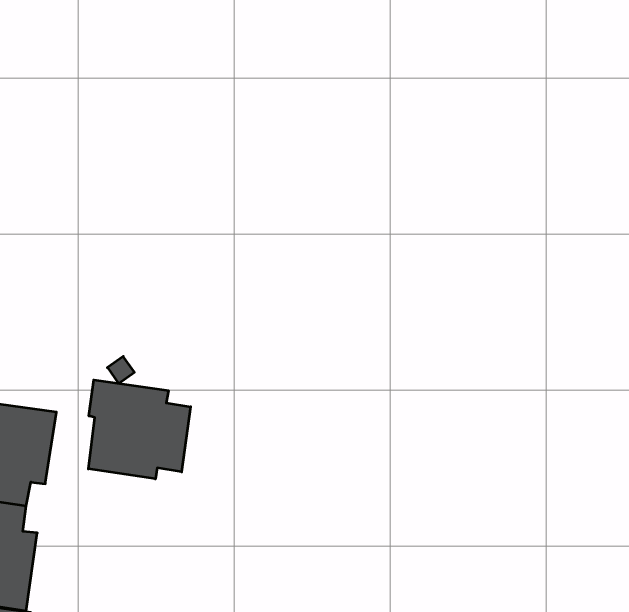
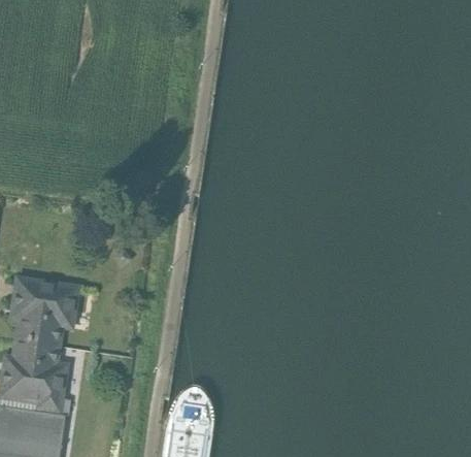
building: [88,380,191,479] -> none

